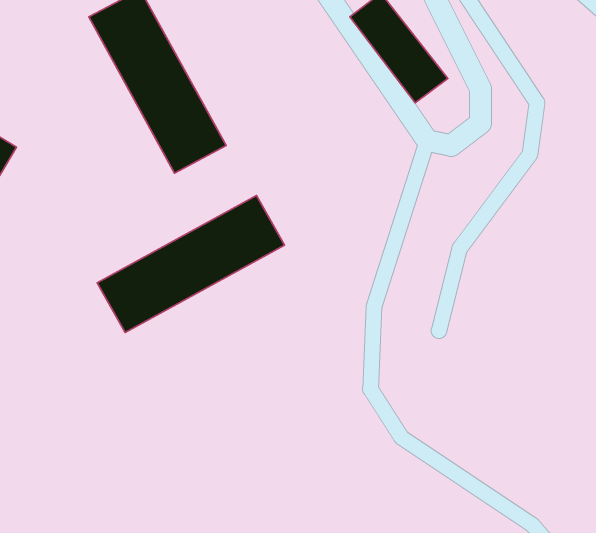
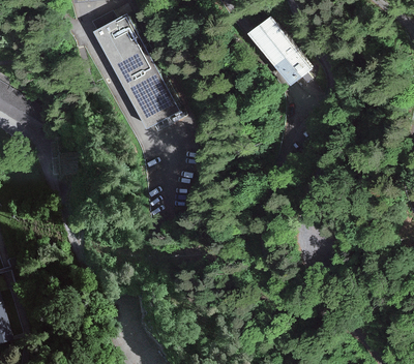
building: [97,195,285,332] -> none

